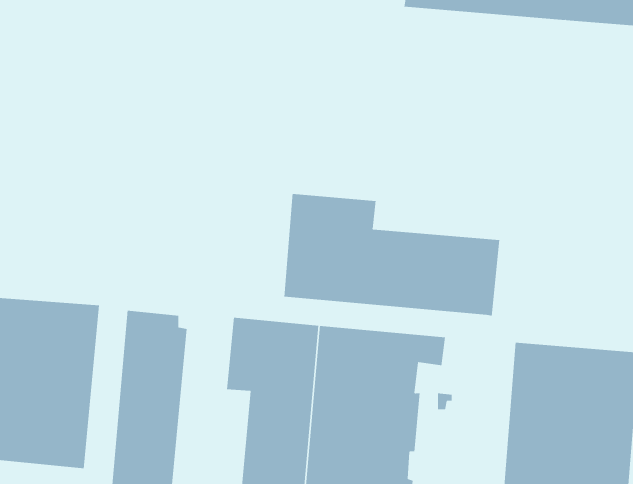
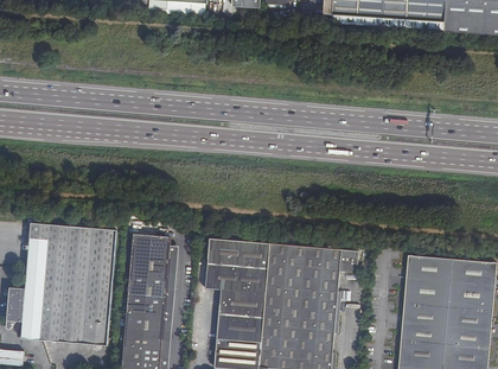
building: [284,193,500,316] -> none

